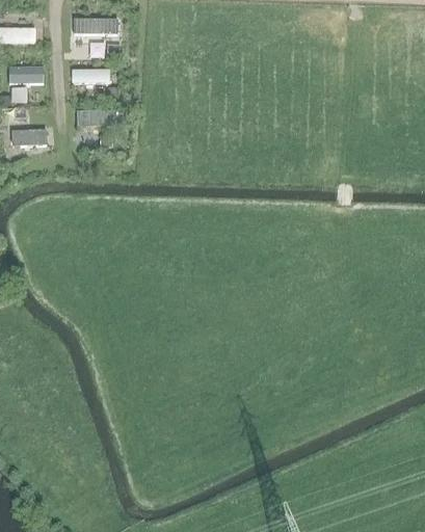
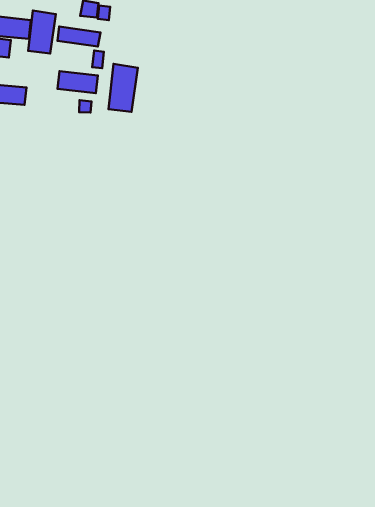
building: none -> [28,10,56,53]
building: none -> [108,64,138,112]

